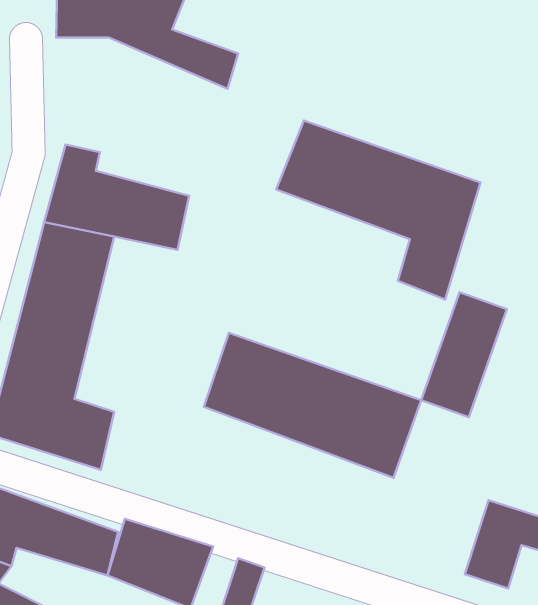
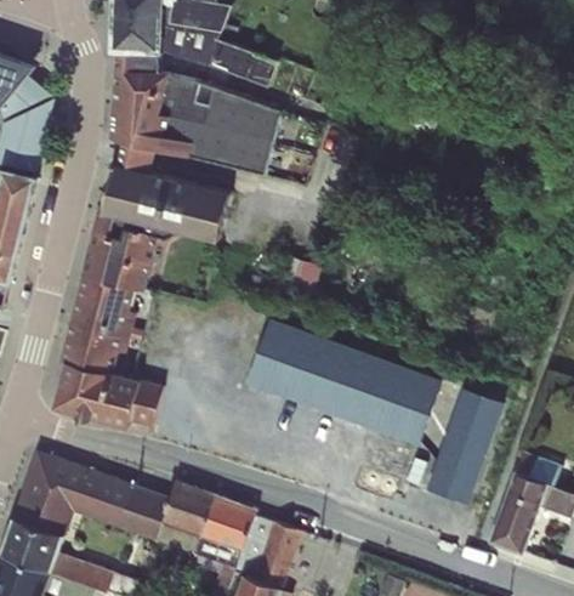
building: none -> [102,44,282,177]
building: [276,121,481,300] -> none
building: [421,292,507,417] -> [424,390,502,505]

